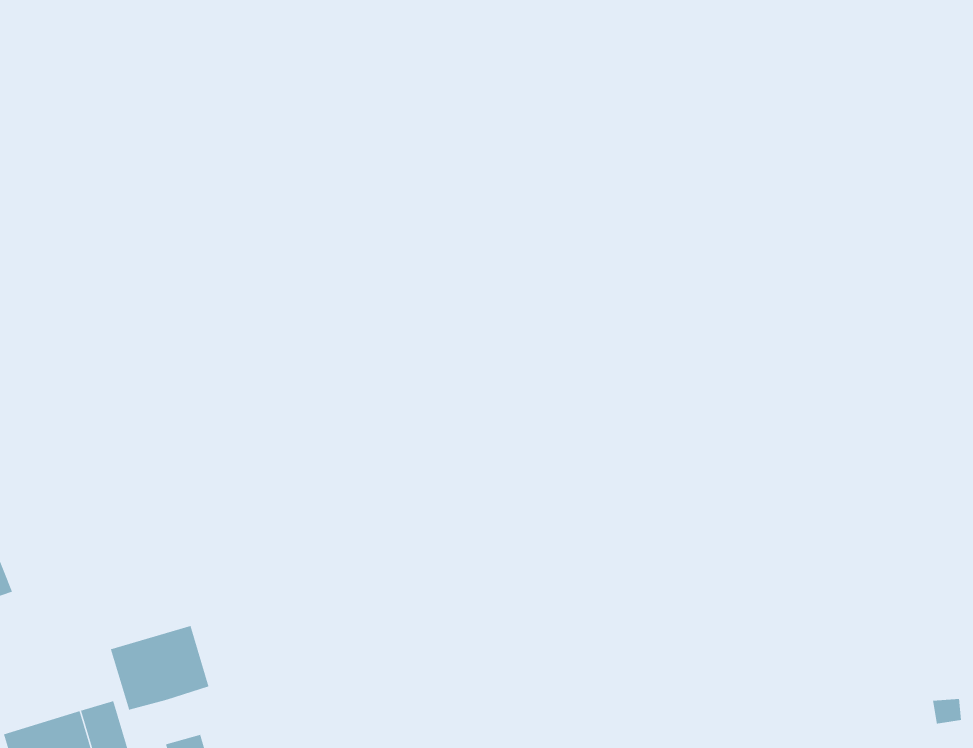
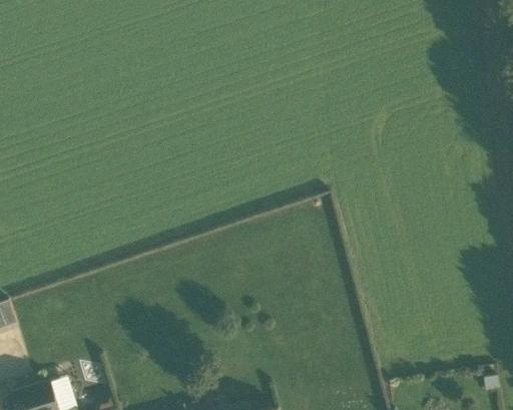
building: [110,625,209,710] -> none

